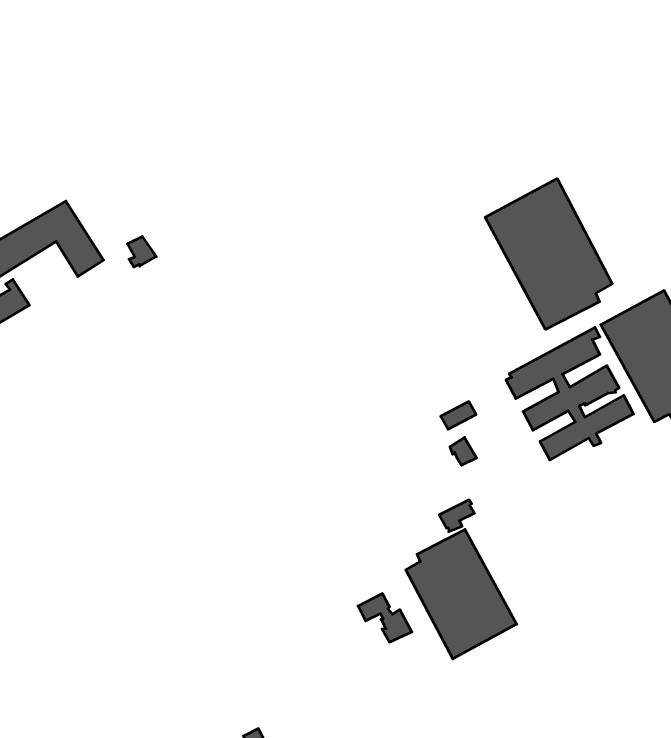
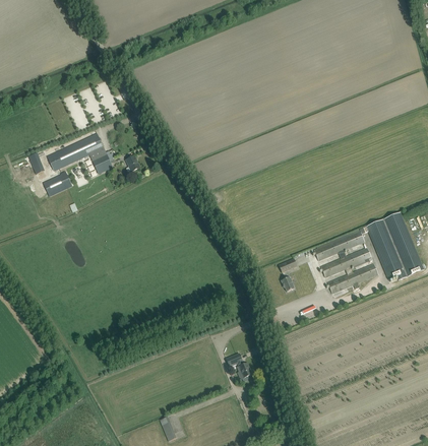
building: [485,179,612,329] -> none
building: [406,529,517,659] -> none

